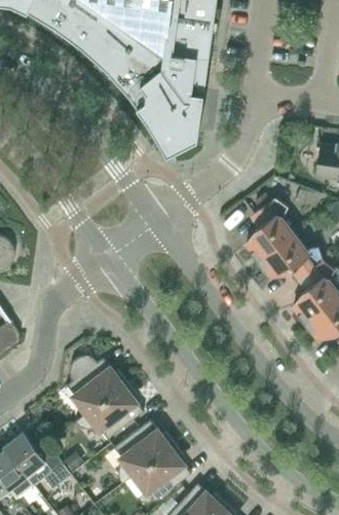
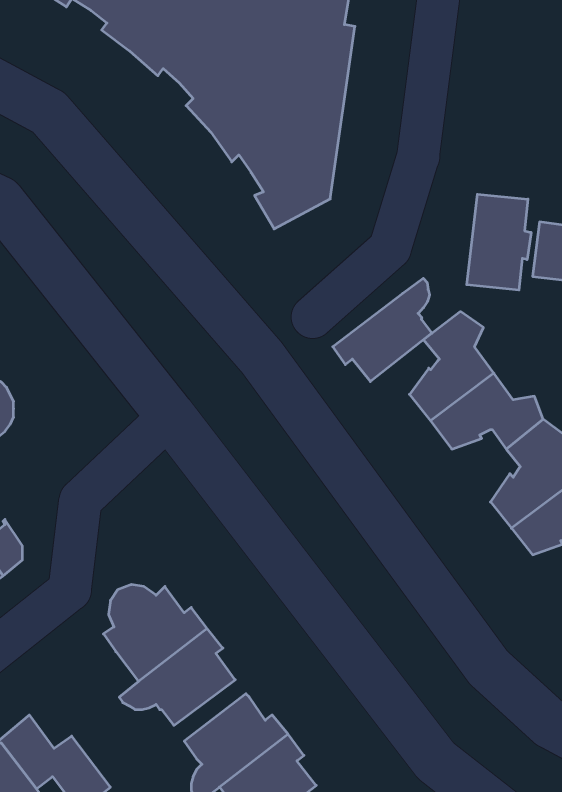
building: none -> [467,194,531,290]
building: none -> [333,278,432,382]

